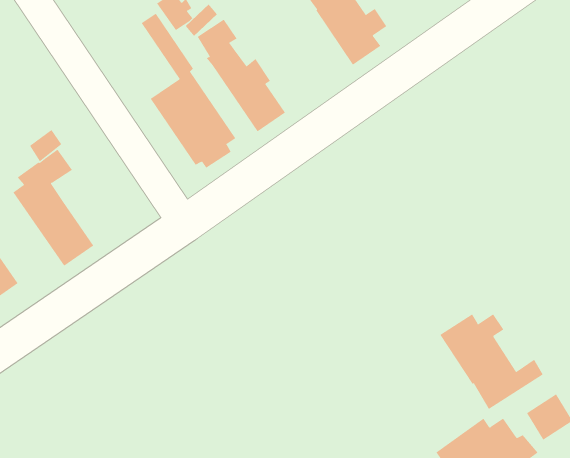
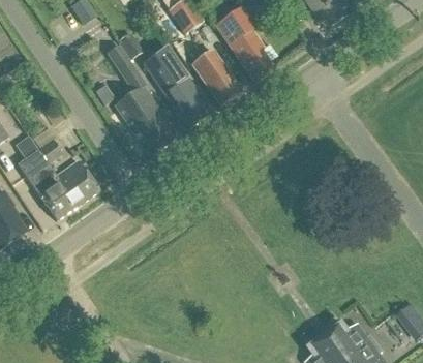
building: none -> [190,49,239,103]
building: none -> [55,158,97,204]
building: [440,314,544,410] -> none

